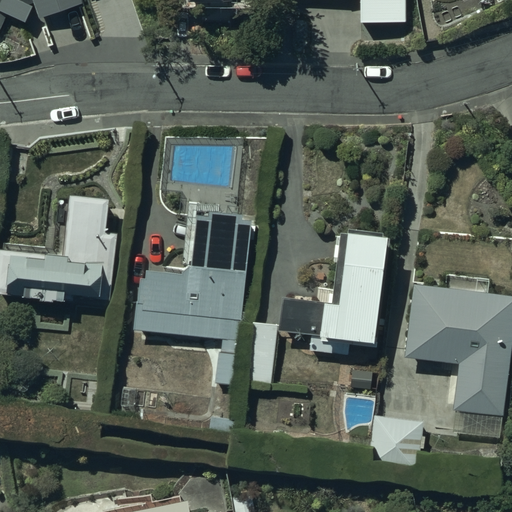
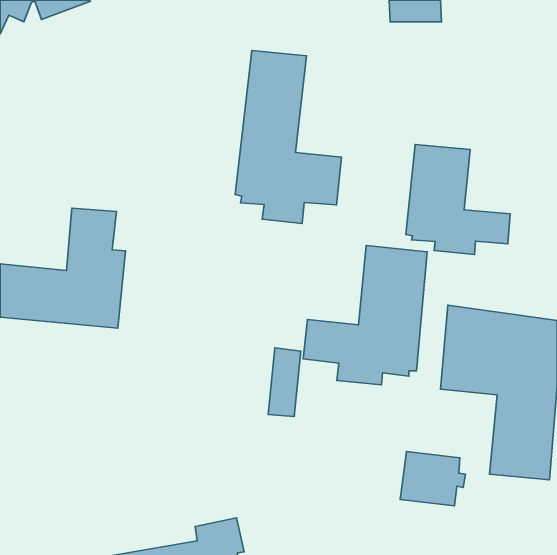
building: none -> [235,50,342,224]
building: none -> [406,145,510,255]
building: [132,210,256,388] -> none

